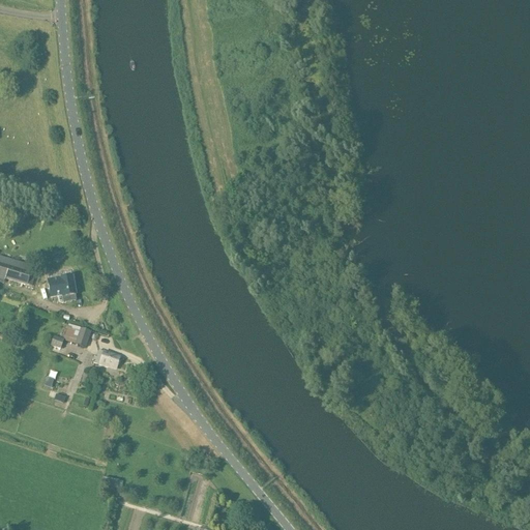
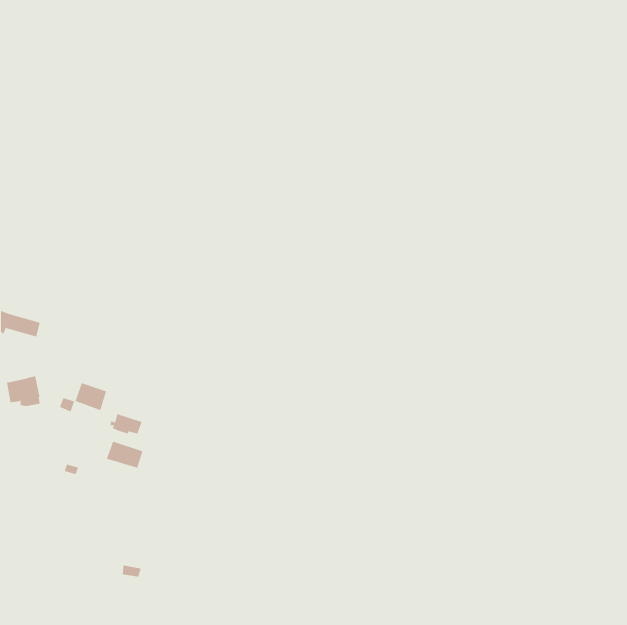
building: [48,274,77,300] -> [6,376,41,406]
building: none -> [106,441,143,469]

